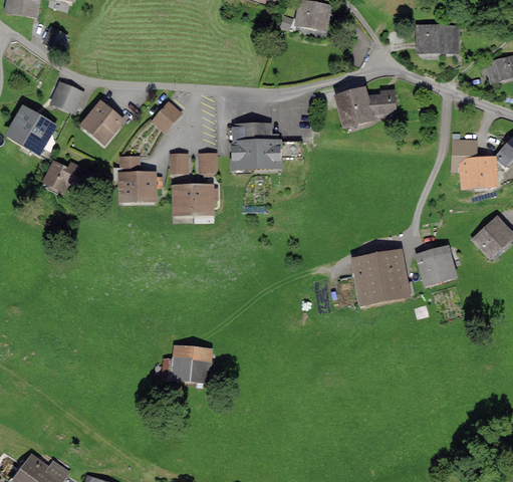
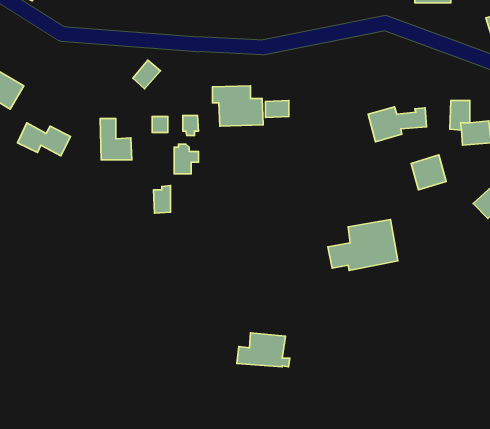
building: [54,86,80,110] -> none
building: [338,91,394,125] -> [368,107,426,142]
building: [86,106,118,140] -> none
building: [177,186,193,212] -> [153,186,170,213]
building: [420,249,453,282] -> [411,155,446,190]
building: [164,347,214,380] -> [237,333,290,367]

